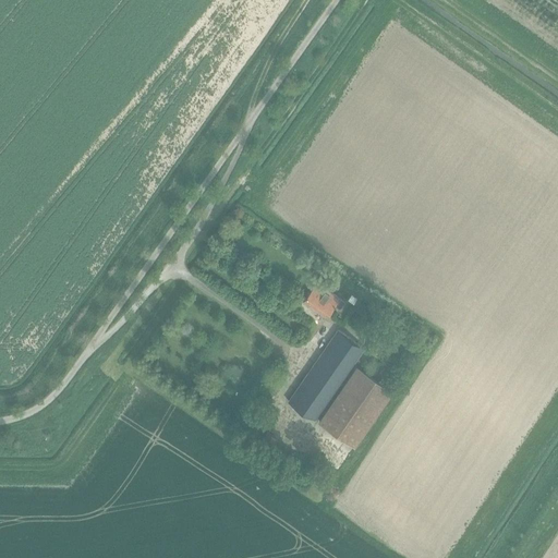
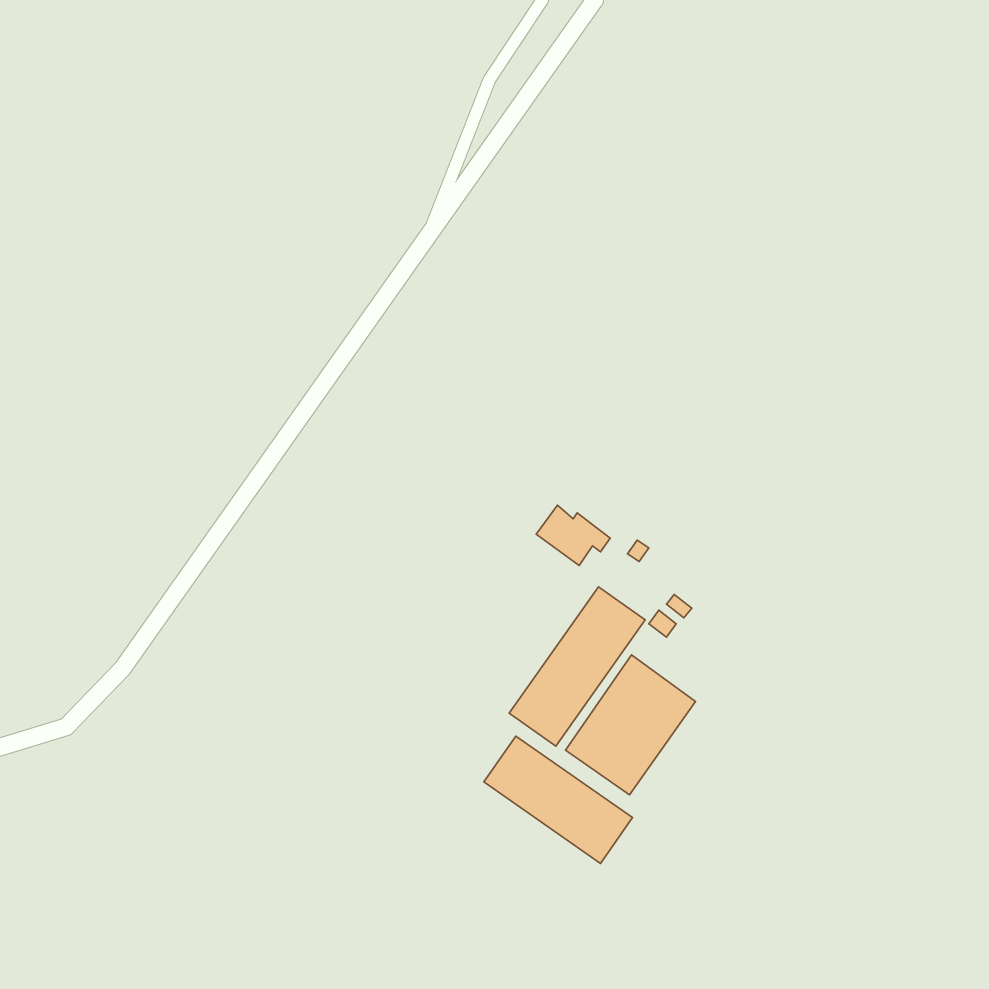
building: none -> [484,736,633,863]

